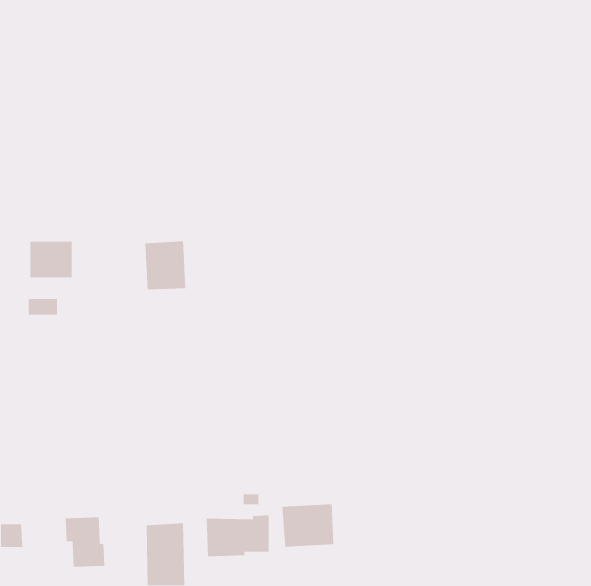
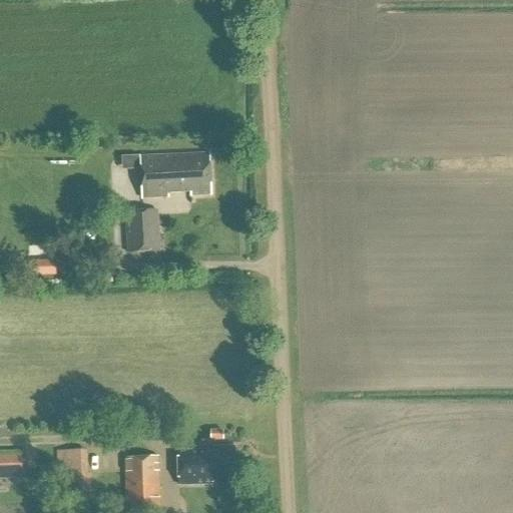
building: none -> [142,151,210,196]
building: [30,241,72,278] -> none
building: [281,503,334,547] -> none

